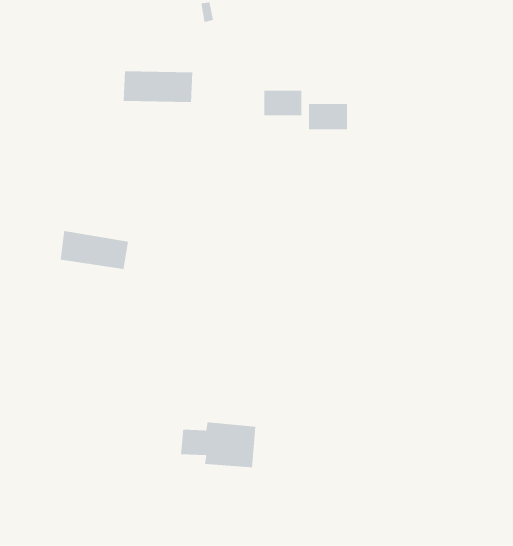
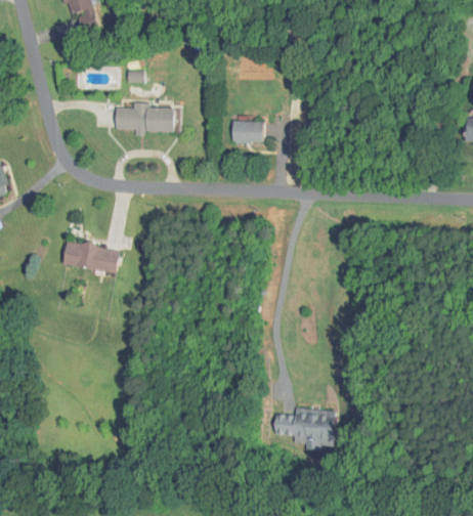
building: [309,103,348,130] -> none
building: [180,422,256,468] -> [273,406,338,445]

